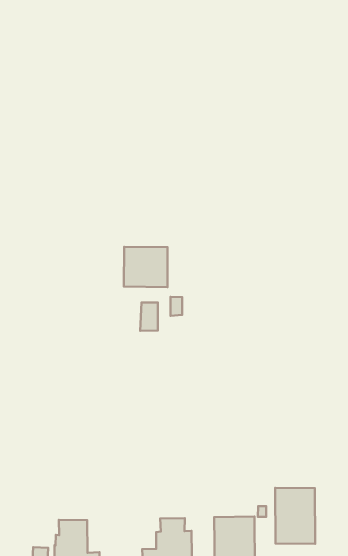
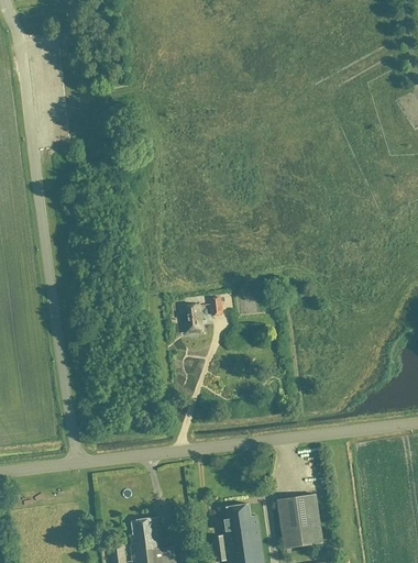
building: [124,247,168,287] -> none
building: [275,488,315,544] -> none

